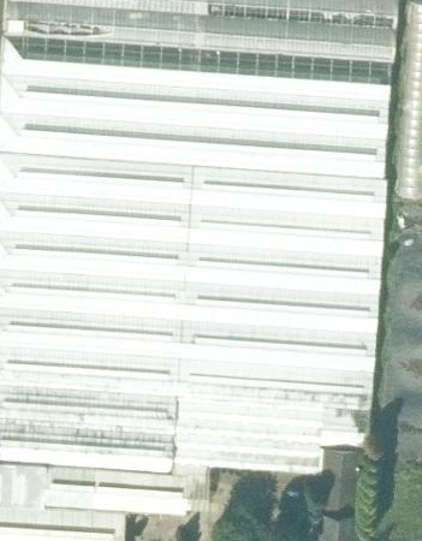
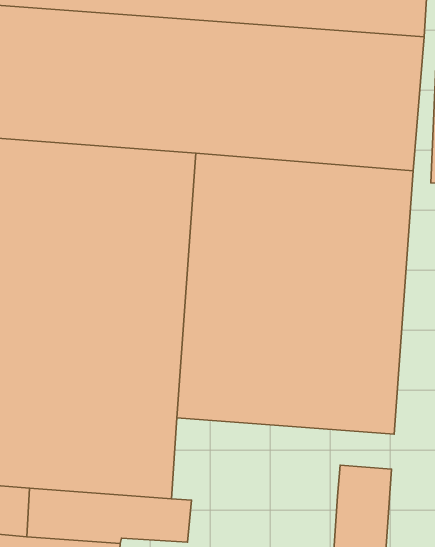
building: [170,400,368,474] -> none

